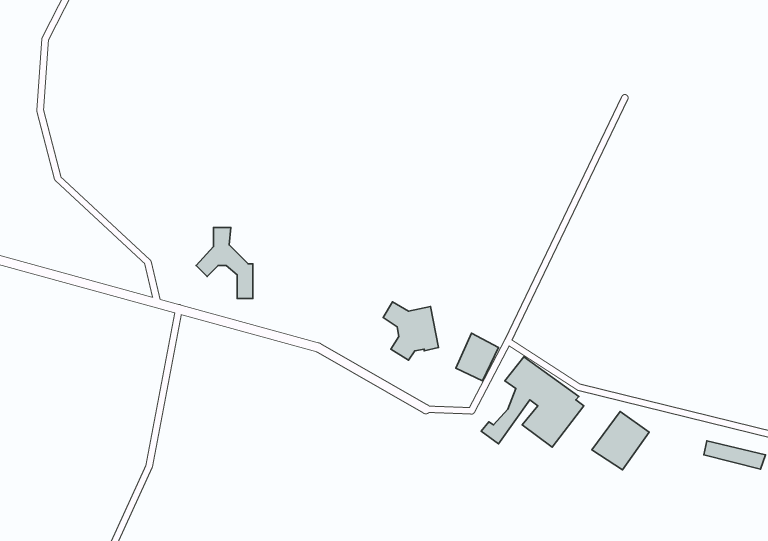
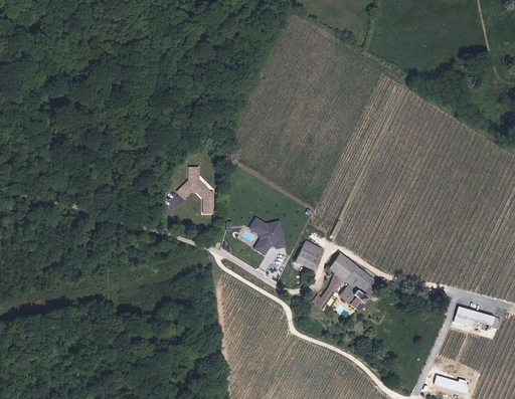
building: [196,228,253,299] -> [177,168,213,213]
building: [592,411,649,470] -> none

